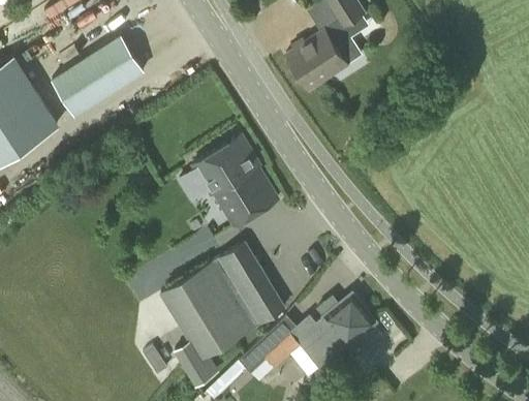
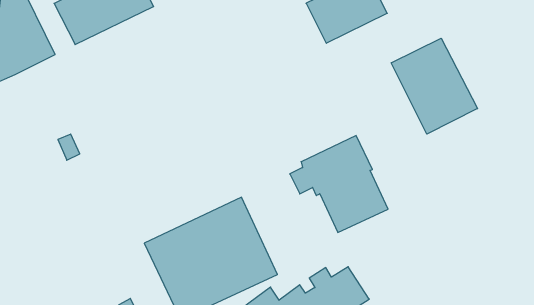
building: none -> [391,38,478,134]
building: [183,135,278,227] -> [290,136,388,232]

